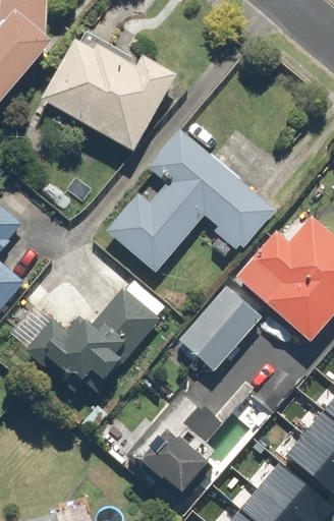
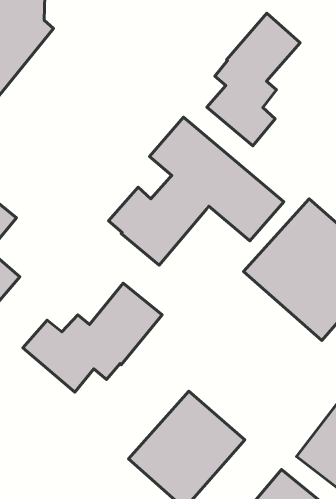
building: none -> [207,13,300,146]
building: [46,35,173,152] -> none
building: [181,288,261,369] -> none

